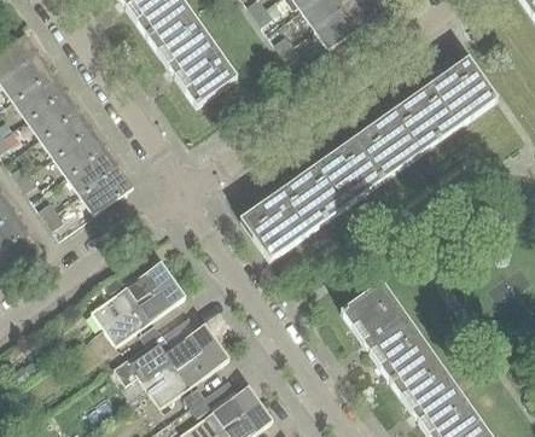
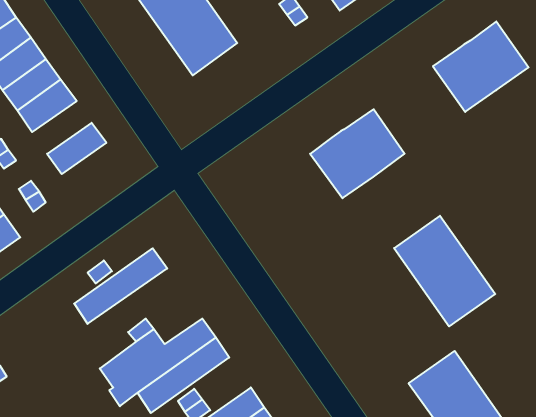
building: [359,98,441,176] -> none
building: [53,129,106,176] -> none
building: [80,167,133,214] -> none
building: [240,176,331,260] -> none
building: [103,279,186,345] -> none
building: [341,282,431,381] -> [394,216,495,326]

